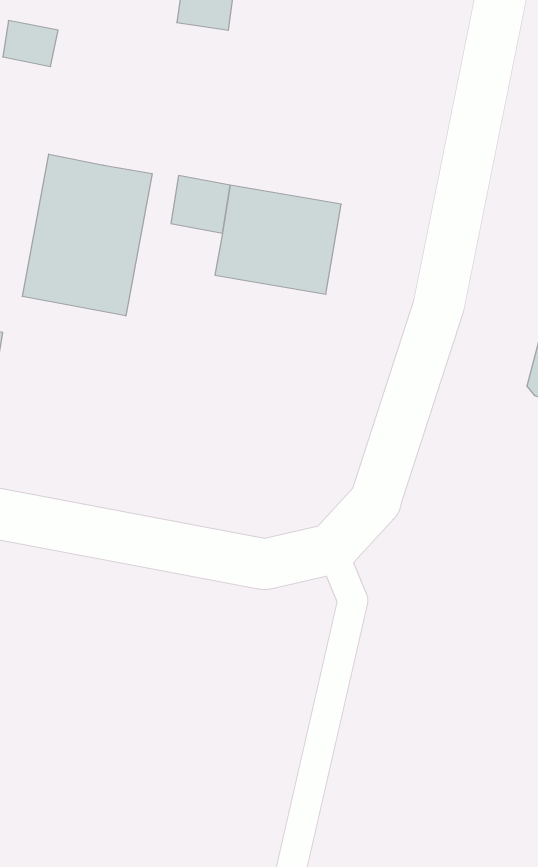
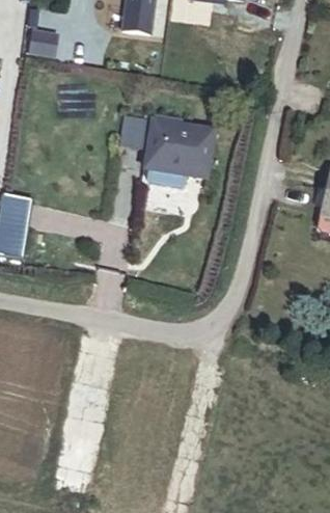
building: [22,154,152,316] -> none

